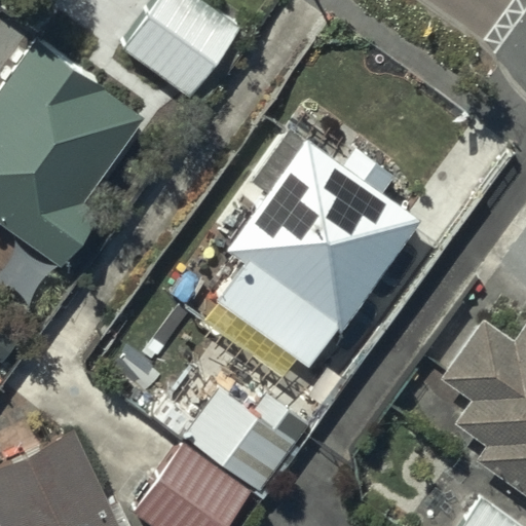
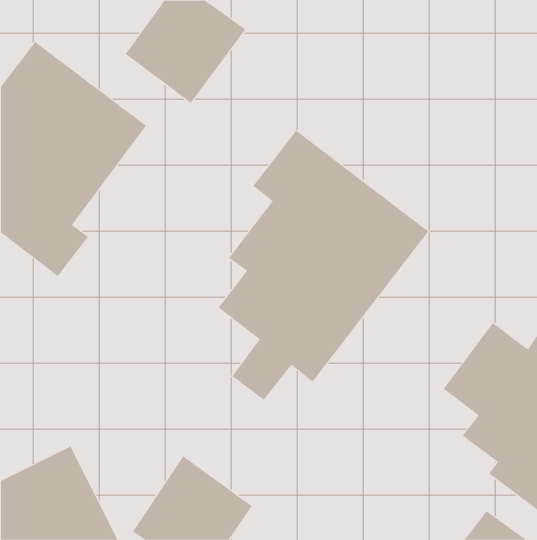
building: [181,388,296,495] -> none

